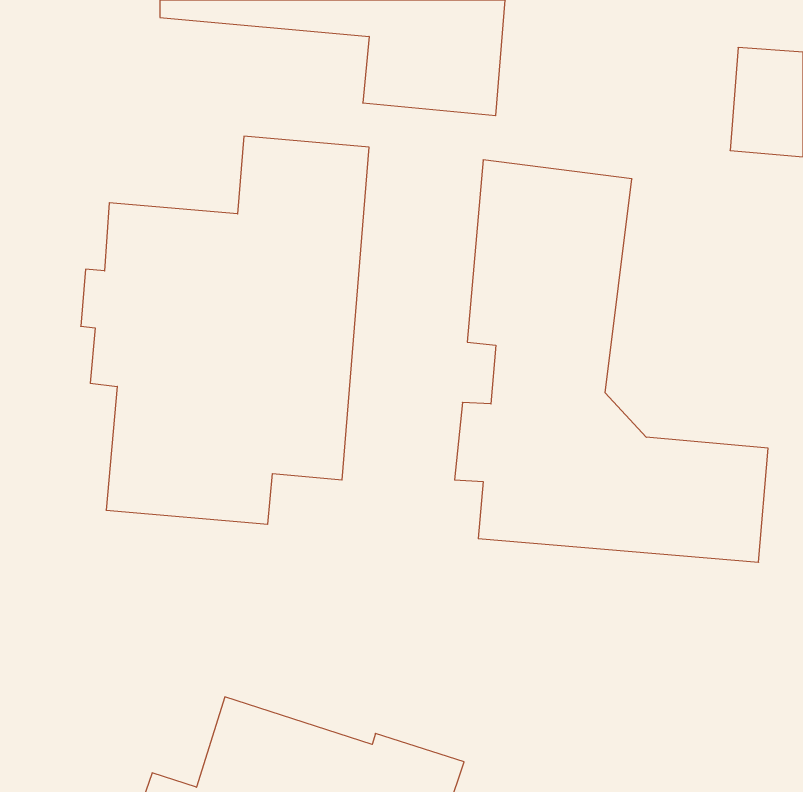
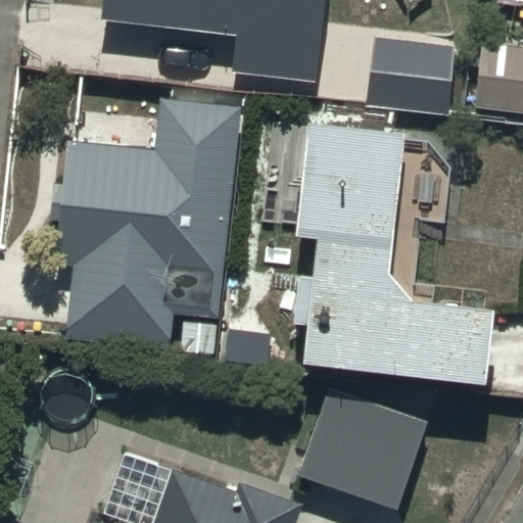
building: none -> [366,34,455,113]
building: none -> [297,391,424,507]

